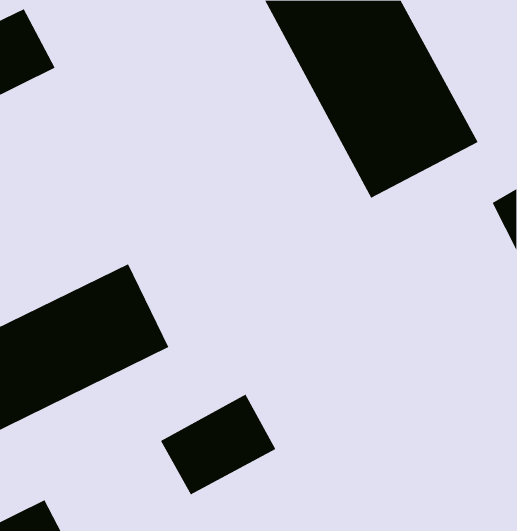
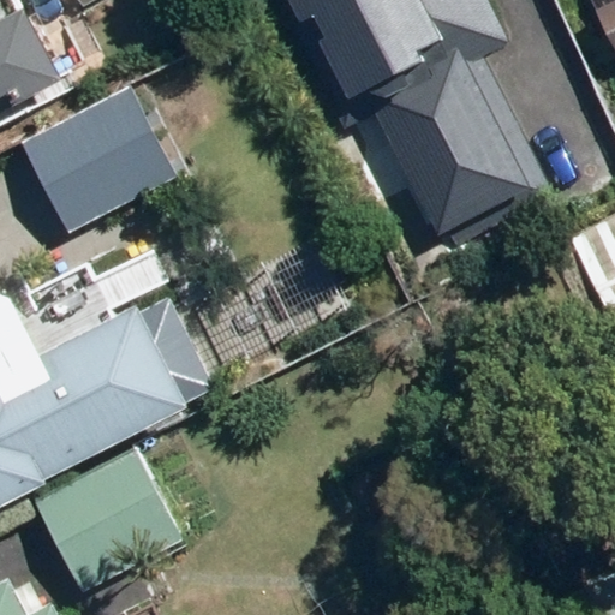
building: none -> [22,88,179,228]
building: [160,394,276,495] -> [43,466,177,583]

